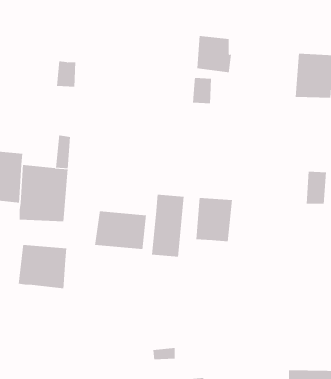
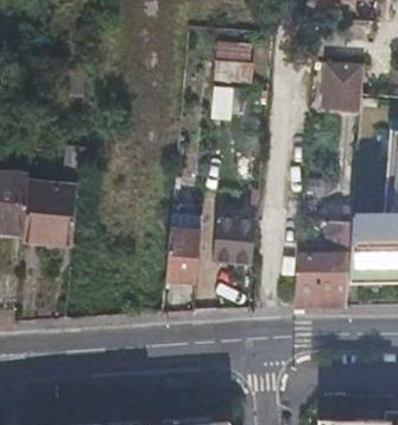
building: none -> [296,231,353,308]
building: [95,211,146,250] -> none
building: [18,244,67,289] -> none

